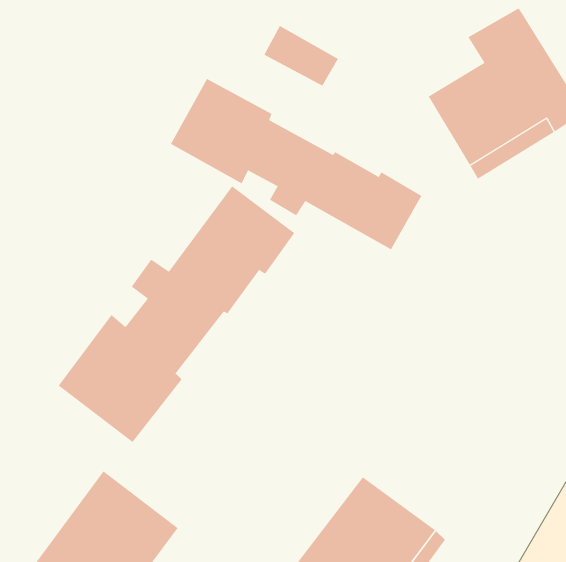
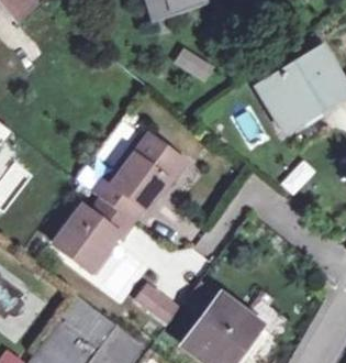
building: [170,78,422,250] -> none
building: none -> [126,279,176,322]

